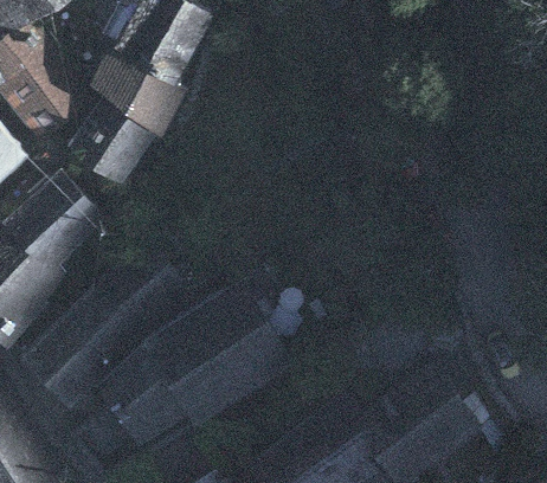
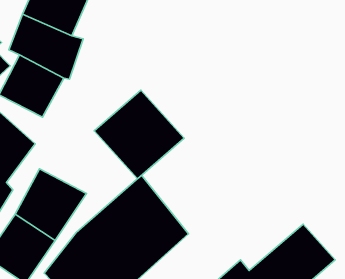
building: none -> [94,90,184,179]

